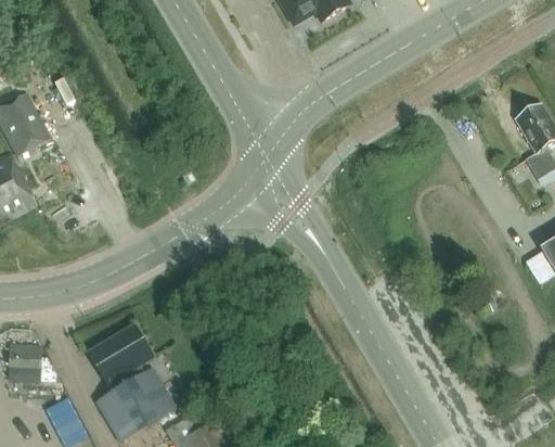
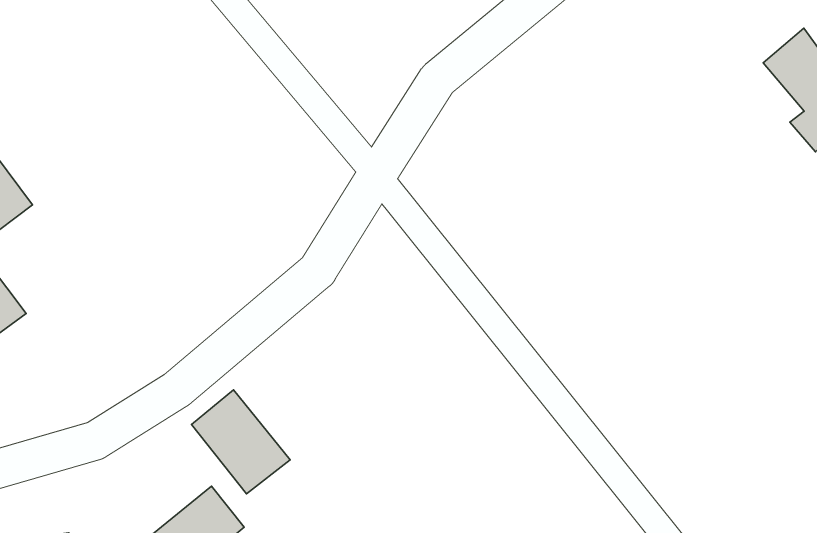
building: none -> [191,390,290,494]

